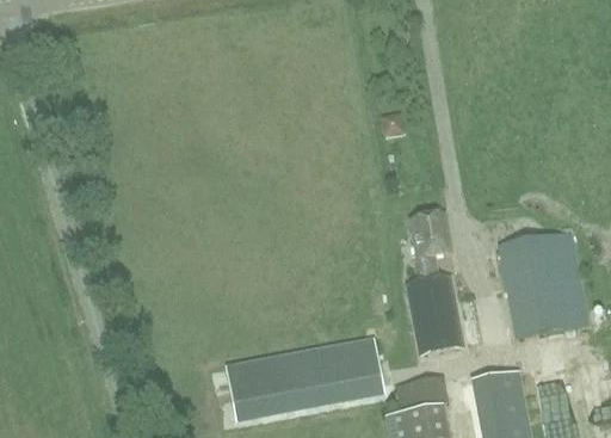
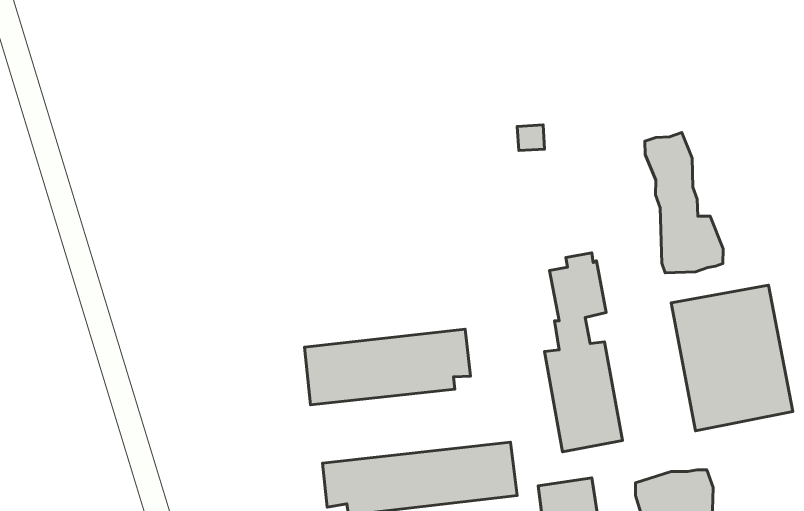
building: none -> [645,133,723,273]
building: none -> [304,329,471,405]

